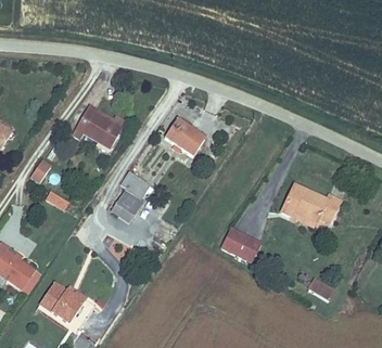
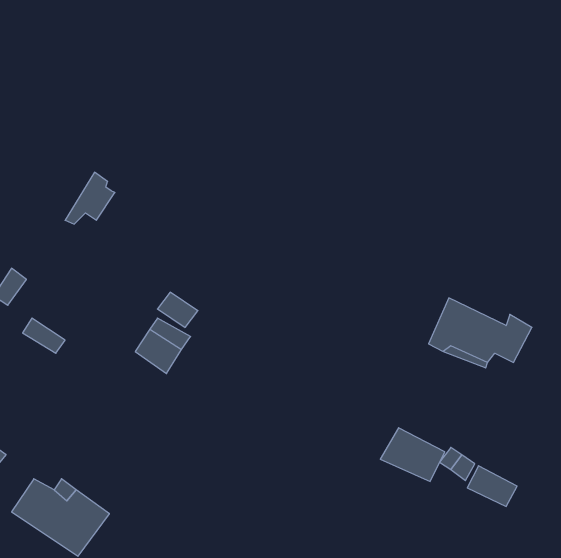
building: [89,117,118,146] -> none
building: [165,120,204,156] -> none
building: [224,224,262,256] -> [380,428,445,481]

